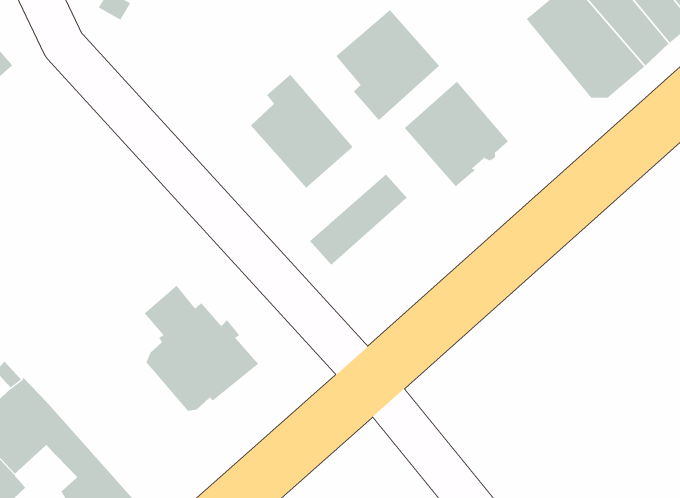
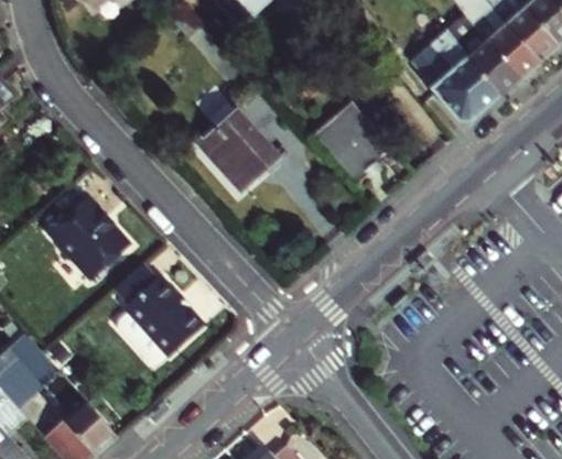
building: [336,9,440,121] -> none
building: [309,174,408,266] -> none
building: none -> [50,194,131,276]

